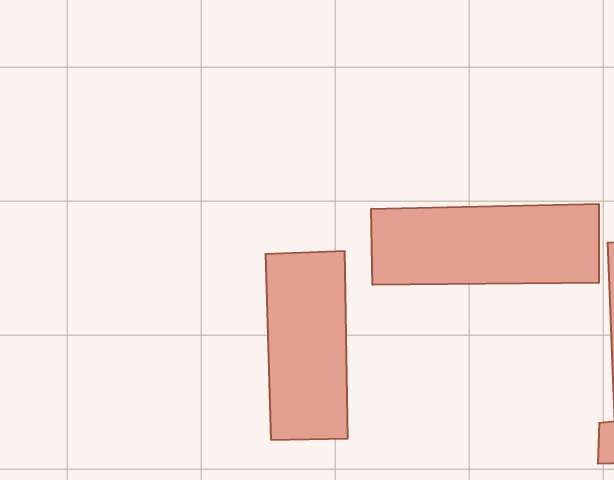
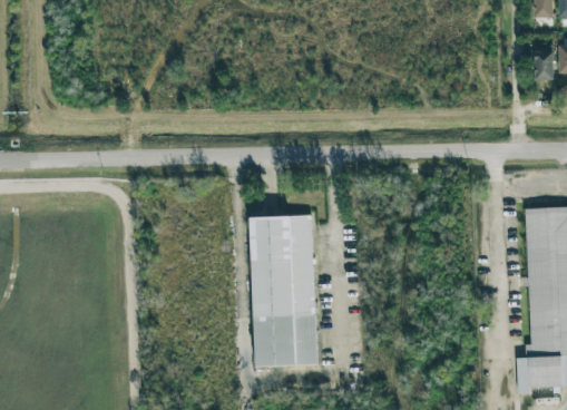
building: [371,204,599,285] -> none

